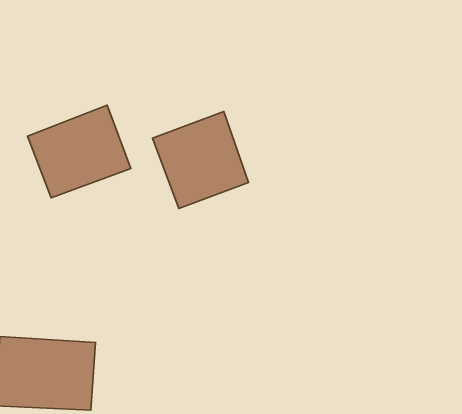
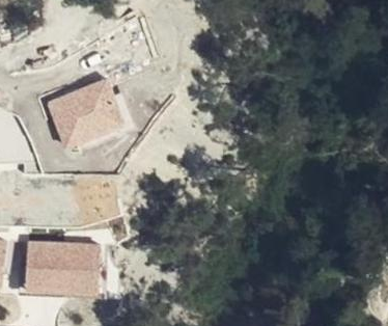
building: [152,111,248,209] -> none

